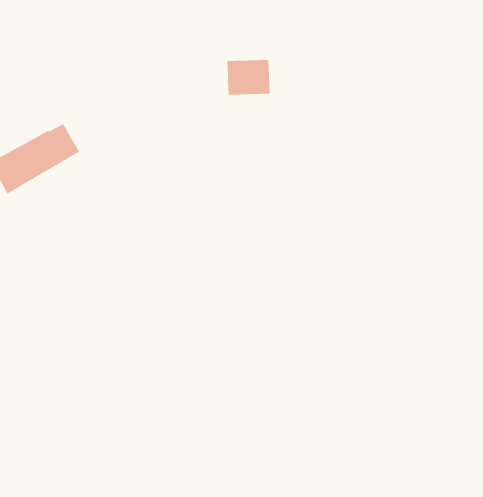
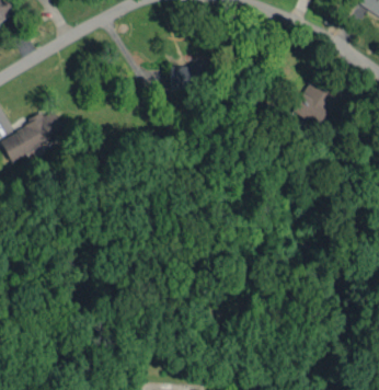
building: none -> [294,81,338,127]

